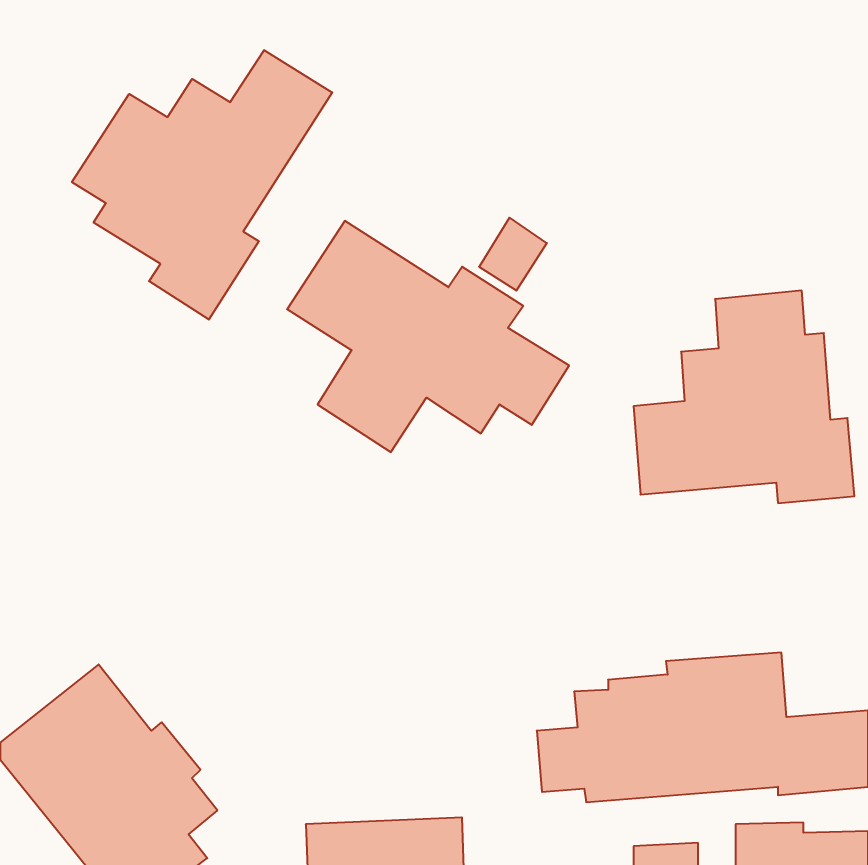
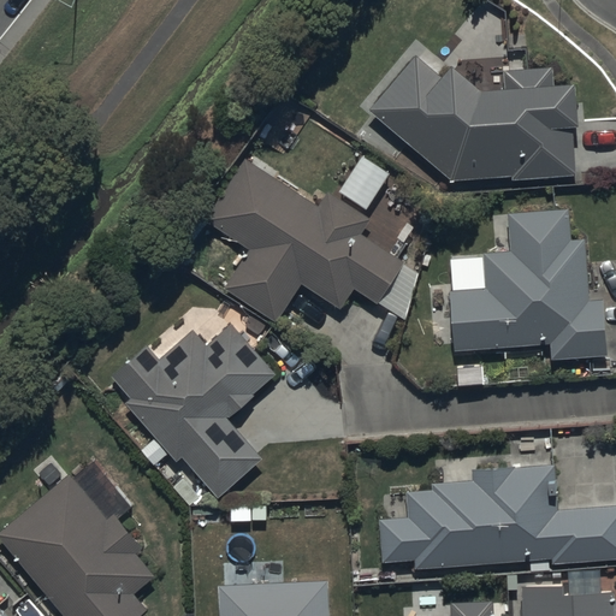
building: [72,50,332,320] -> none
building: none -> [367,54,576,180]
building: none -> [109,324,276,497]

